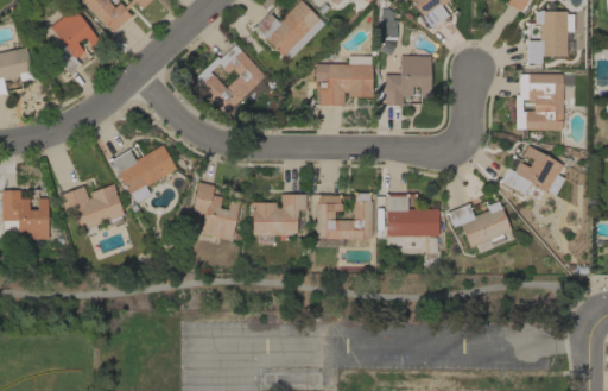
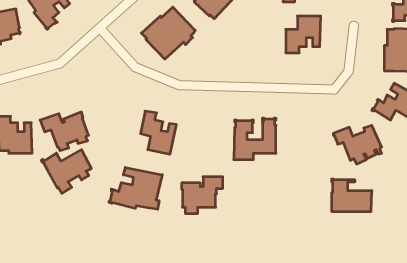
building: [317,58,374,106] -> none
building: [110,145,177,203] -> [41,150,91,193]
building: [387,194,441,237] -> [332,179,372,211]
building: [253,195,308,244] -> [182,177,223,213]
building: none -> [109,167,162,209]

